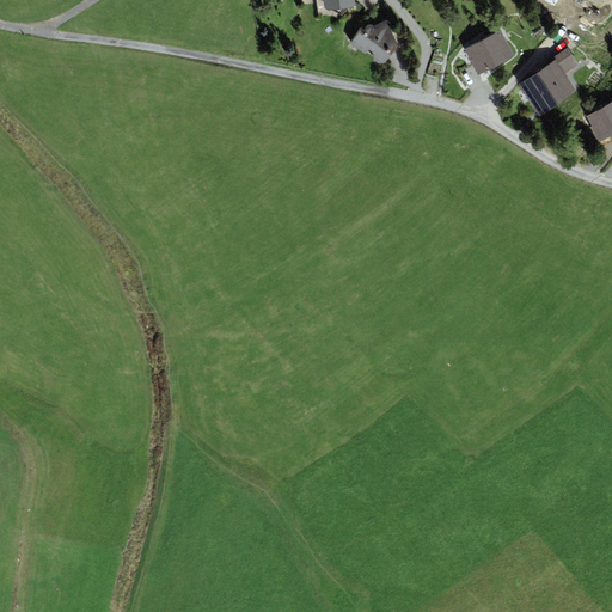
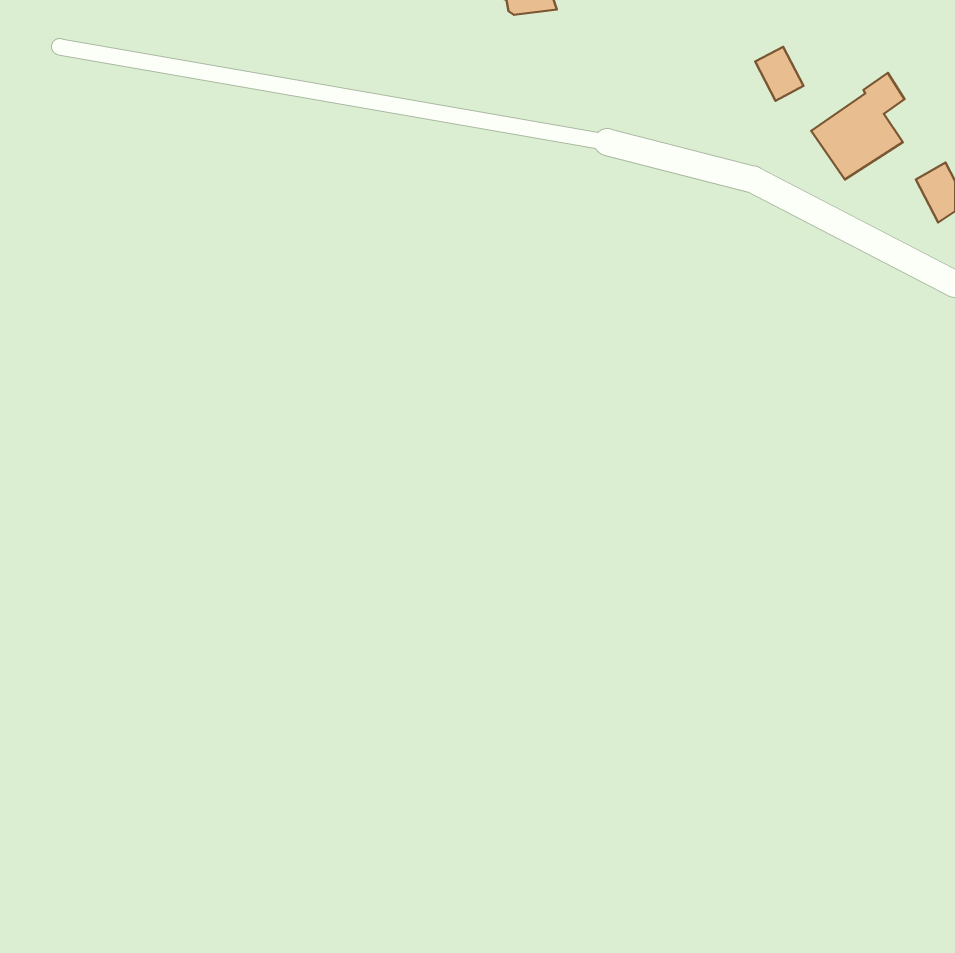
building: [351,22,397,62] -> none
building: [465,39,496,73] -> none

